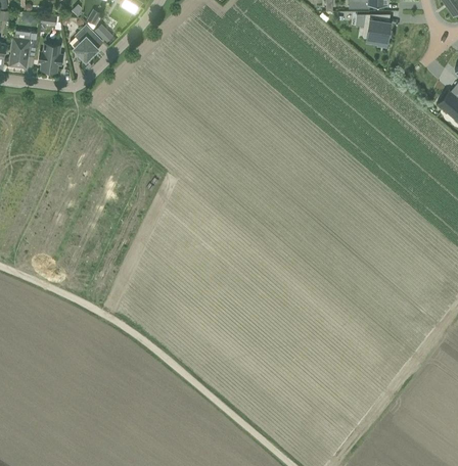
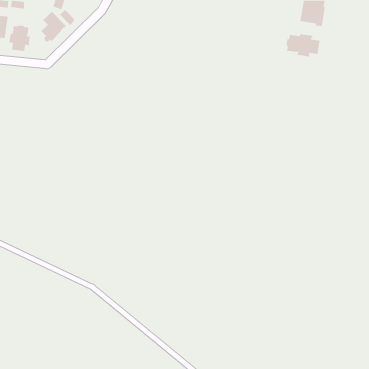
building: none -> [286,34,320,58]

